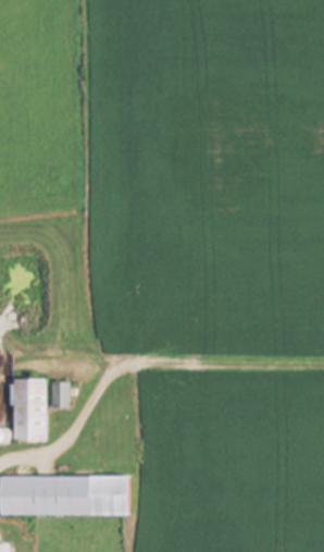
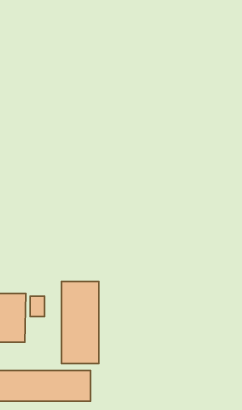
building: none -> [62,281,99,363]

